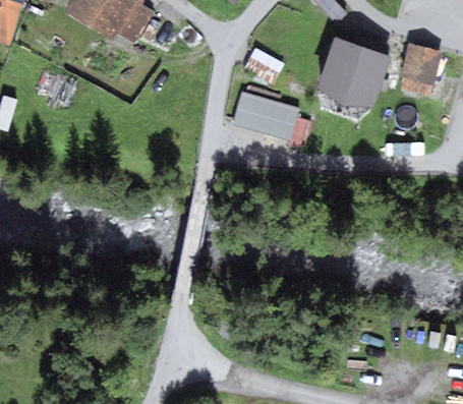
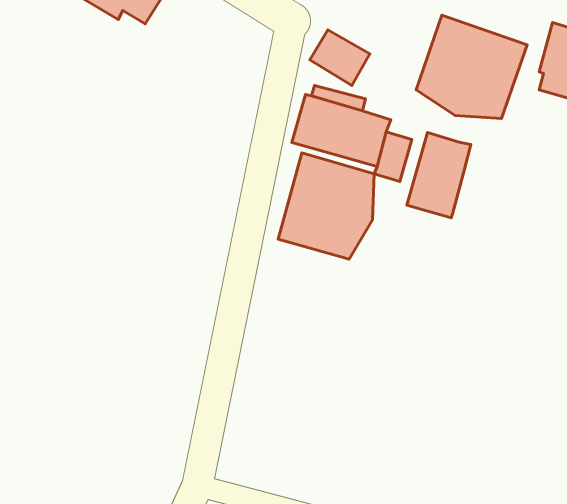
building: none -> [407,132,471,218]
building: none -> [278,153,374,259]

